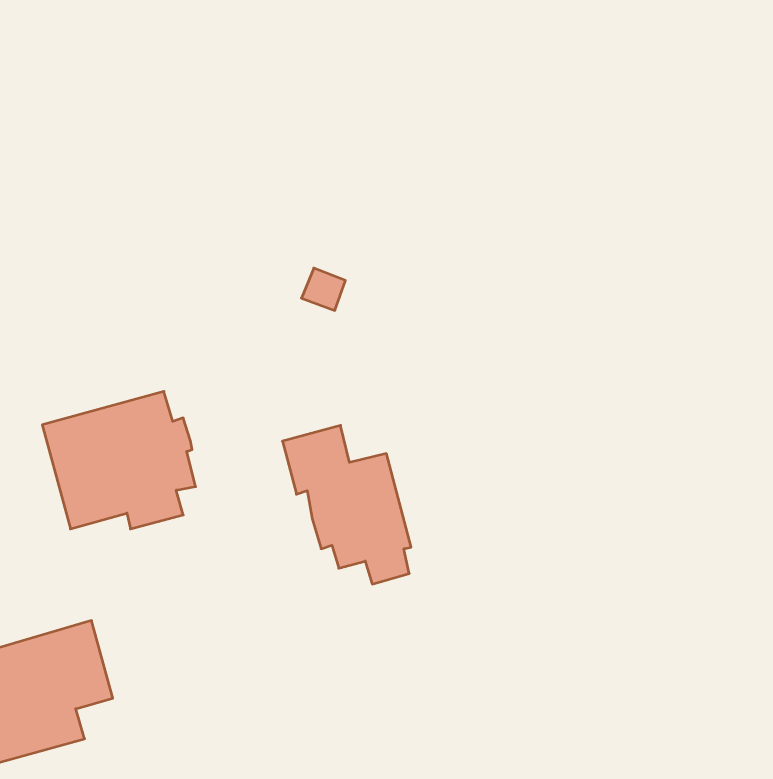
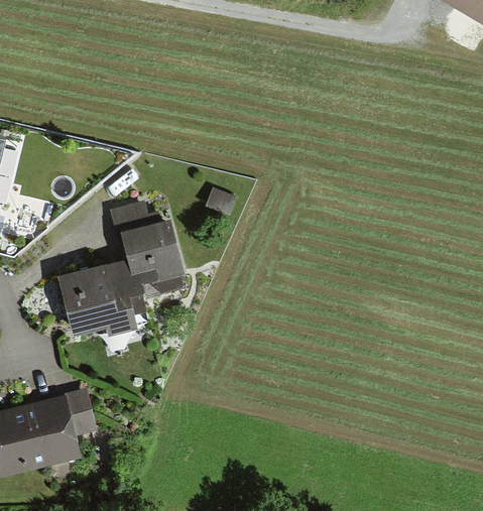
building: [282,425,411,584] -> [110,203,184,293]

